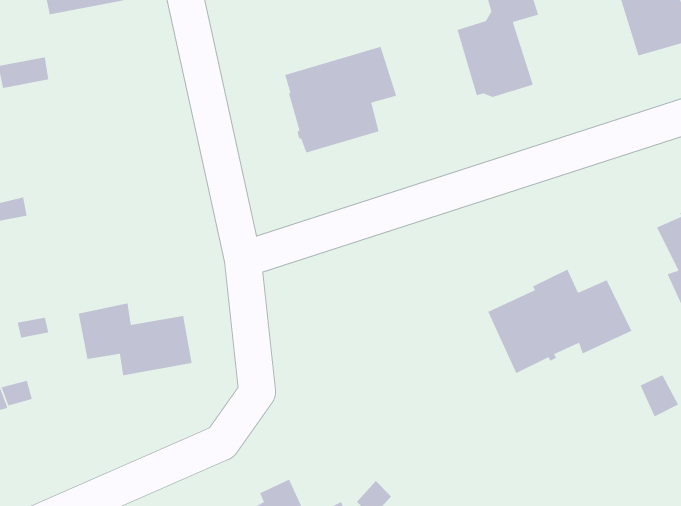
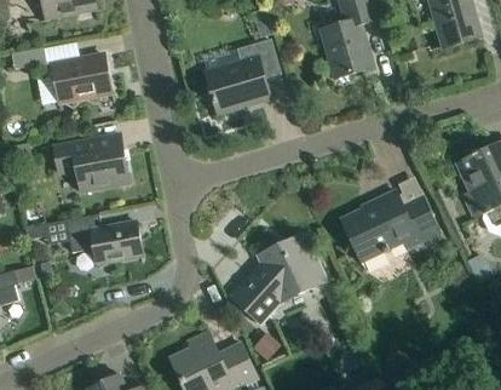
building: none -> [51,55,111,102]
building: none -> [53,133,129,191]
building: none -> [234,235,326,323]

